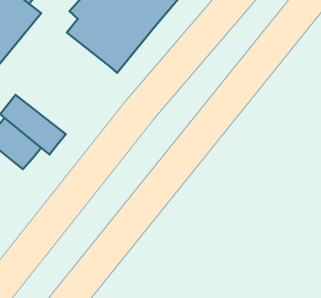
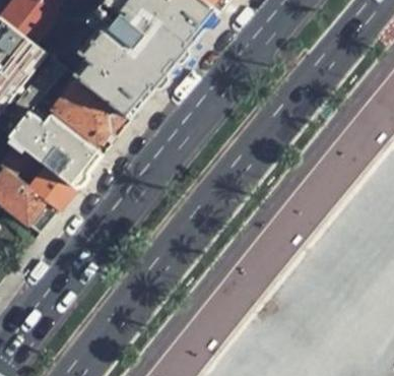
building: none -> [52,75,123,142]
building: none -> [10,112,101,186]

